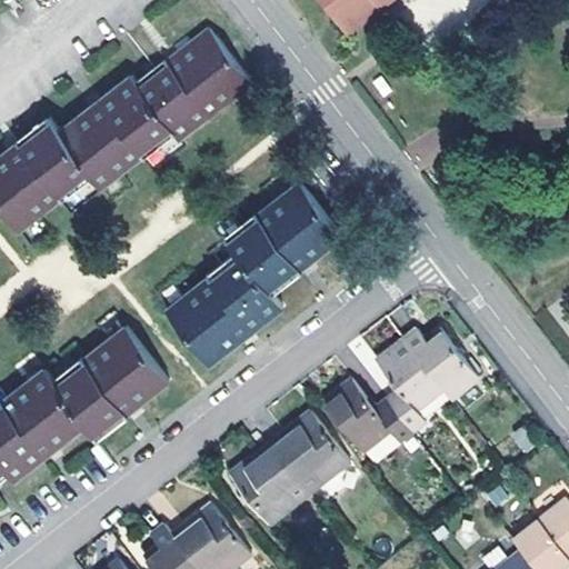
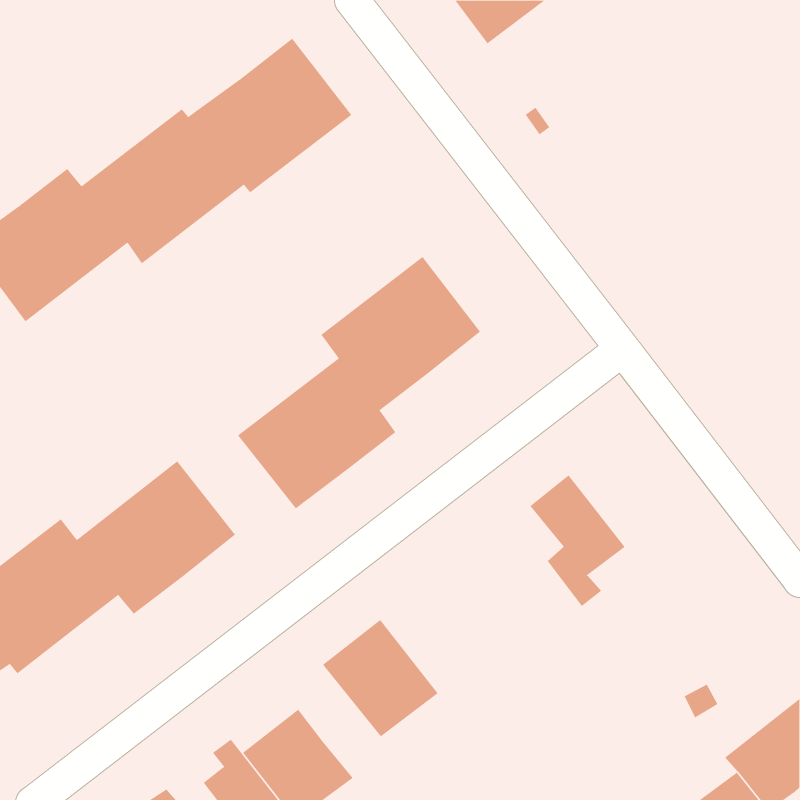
building: [402,327,478,398] -> none
building: [322,377,411,451] -> none
building: [269,410,350,492] -> none

